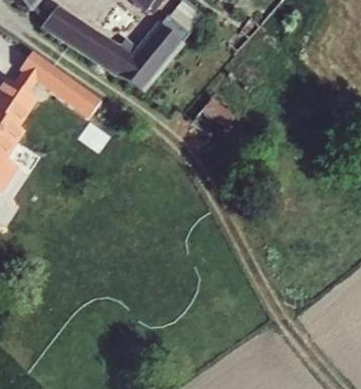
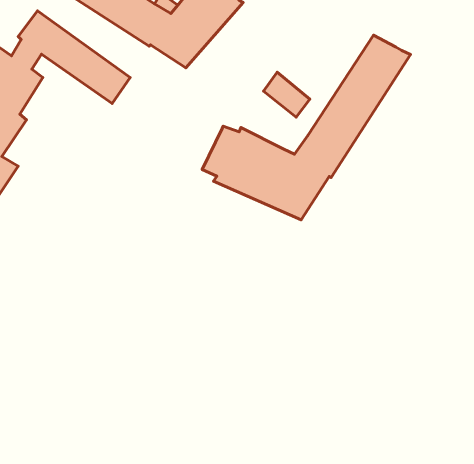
building: none -> [202,35,411,220]

